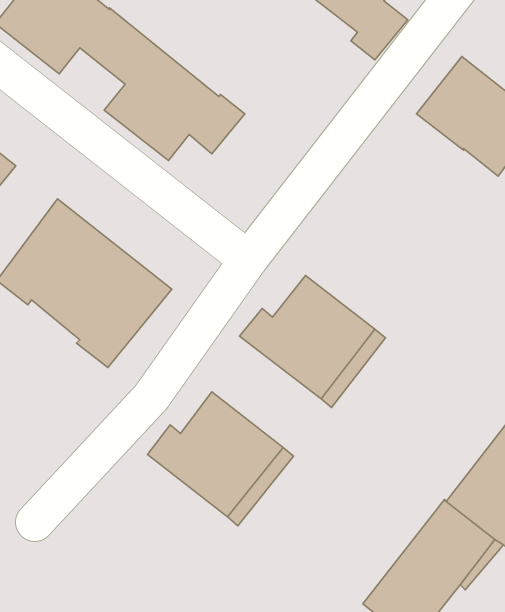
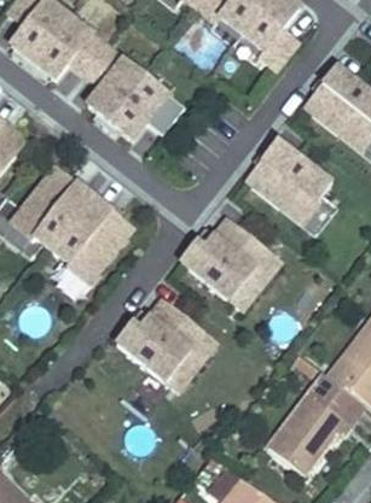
building: none -> [247,140,331,223]

